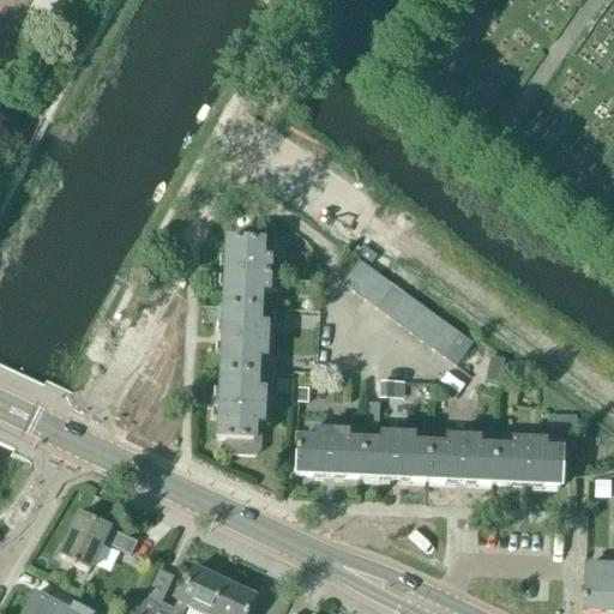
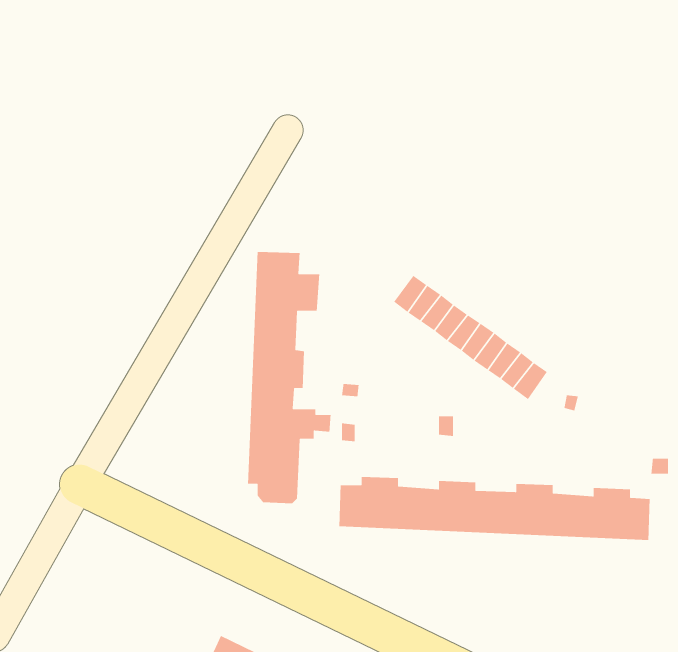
building: [60,510,138,567] -> none

